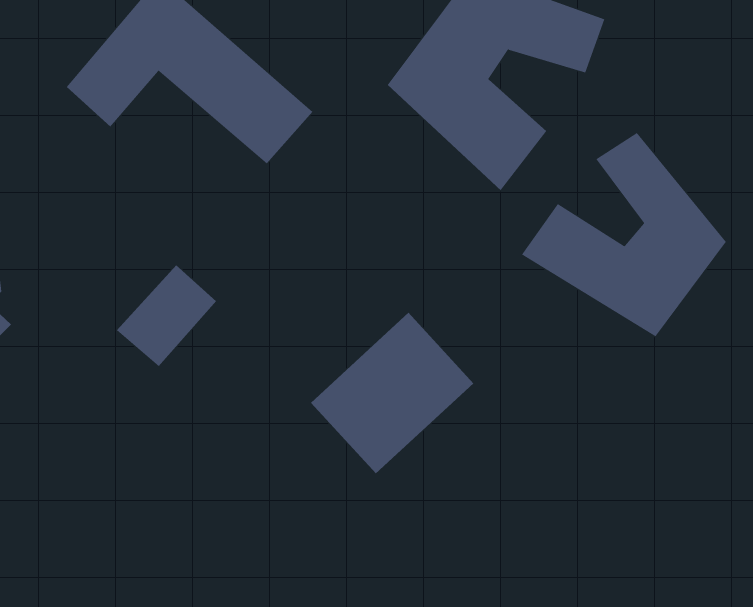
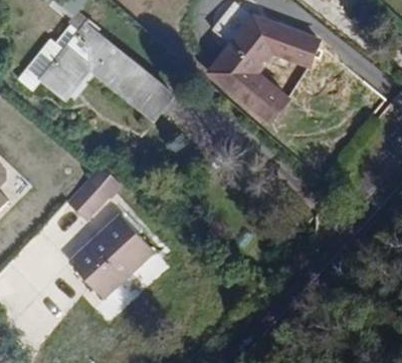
building: [521,132,727,337] -> none
building: [310,312,474,474] -> [67,216,153,300]

